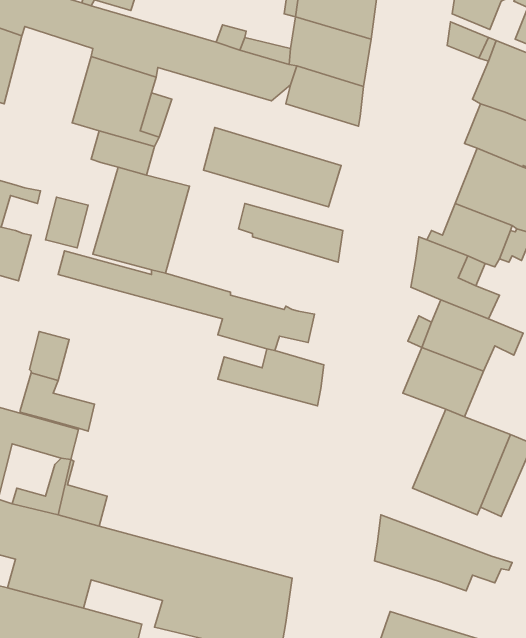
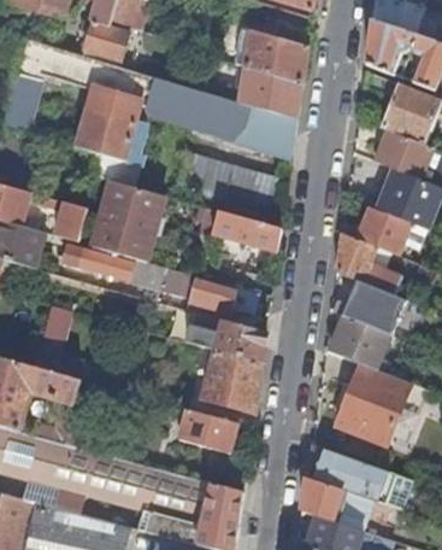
building: none -> [205,350,263,410]
building: none -> [178,410,240,455]
building: none -> [301,480,355,527]

